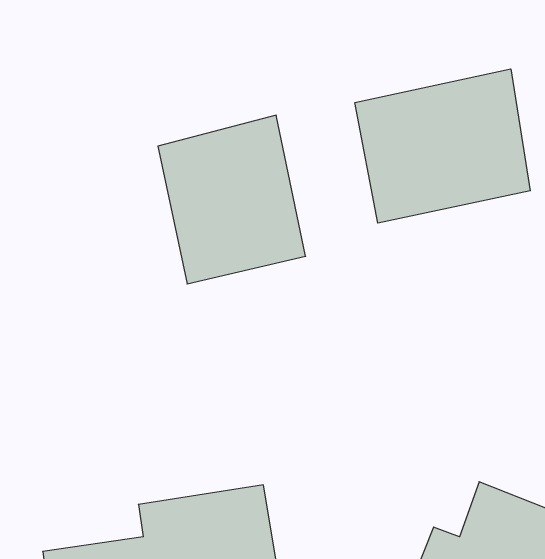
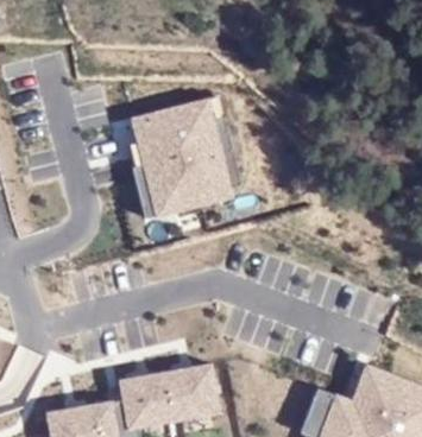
building: [355,69,530,223] -> none

